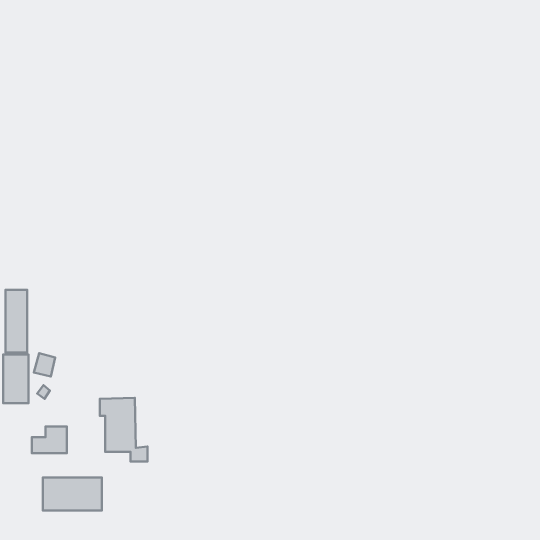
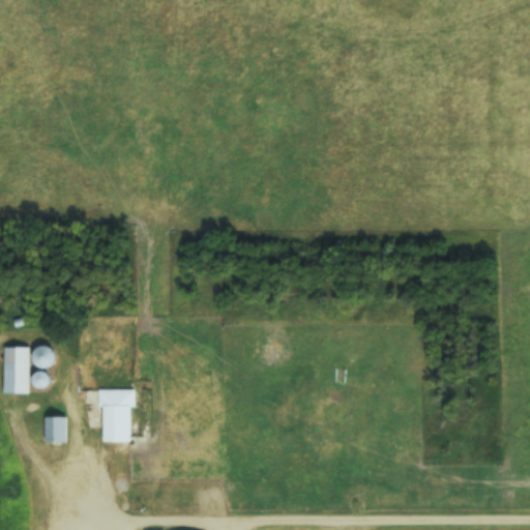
building: [6,290,27,352] -> none
building: [43,478,102,510] -> none

